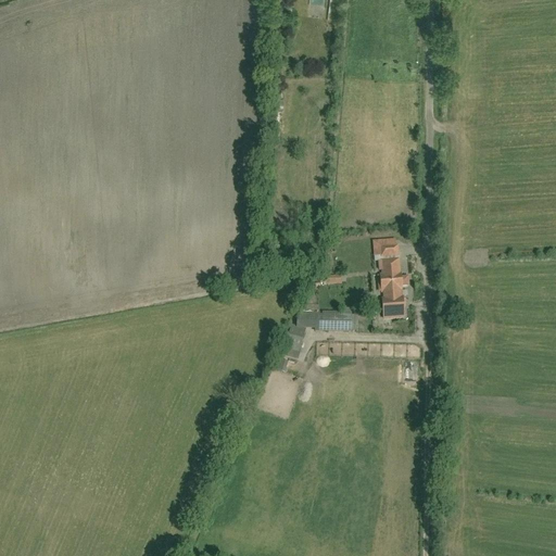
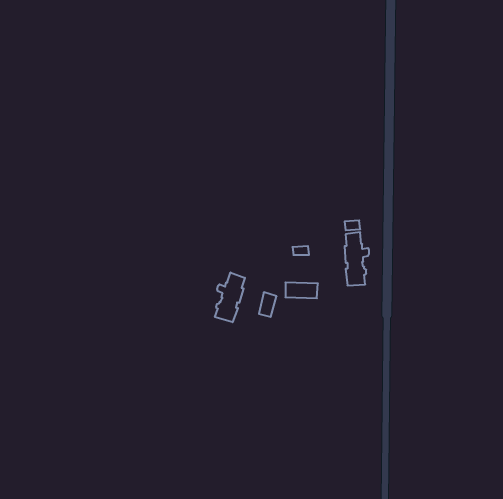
building: none -> [215,272,245,322]

